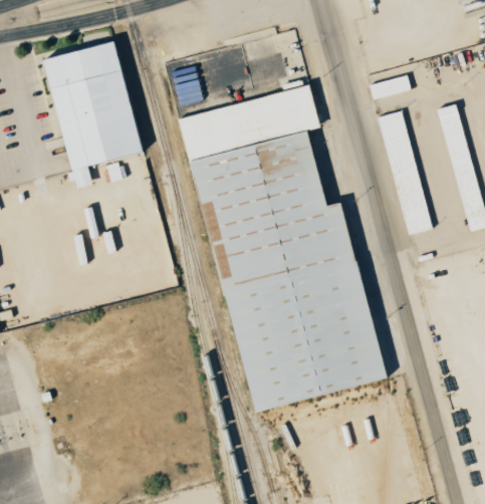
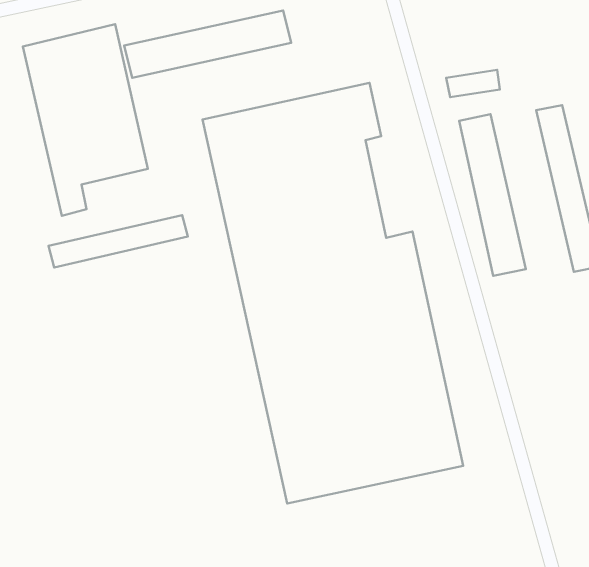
building: none -> [124,11,291,78]
building: none -> [48,215,188,267]

